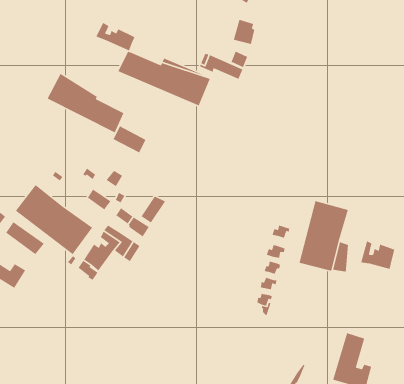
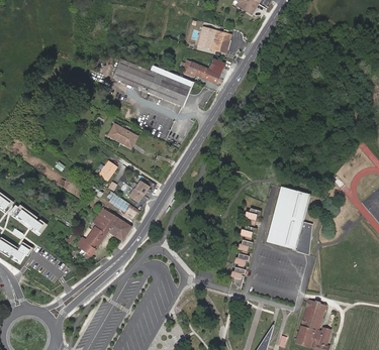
building: [95,22,136,51] -> none
building: [47,73,124,133] -> none
building: [15,185,93,255] -> none
building: [360,240,395,270] -> none

